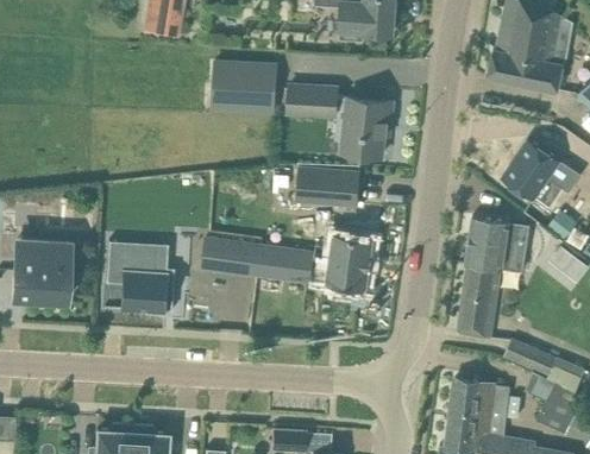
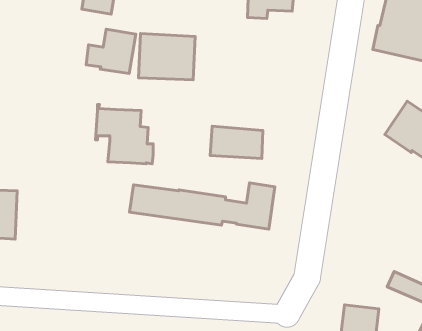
building: none -> [86,29,136,73]
building: [285,86,393,156] -> none
building: [458,216,529,336] -> none
building: [106,240,174,310] -> [96,104,153,164]

